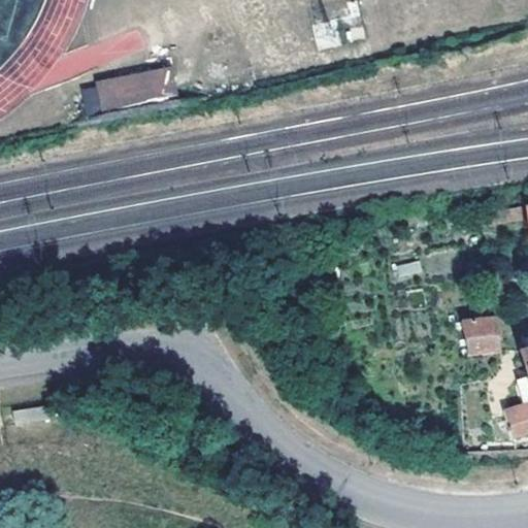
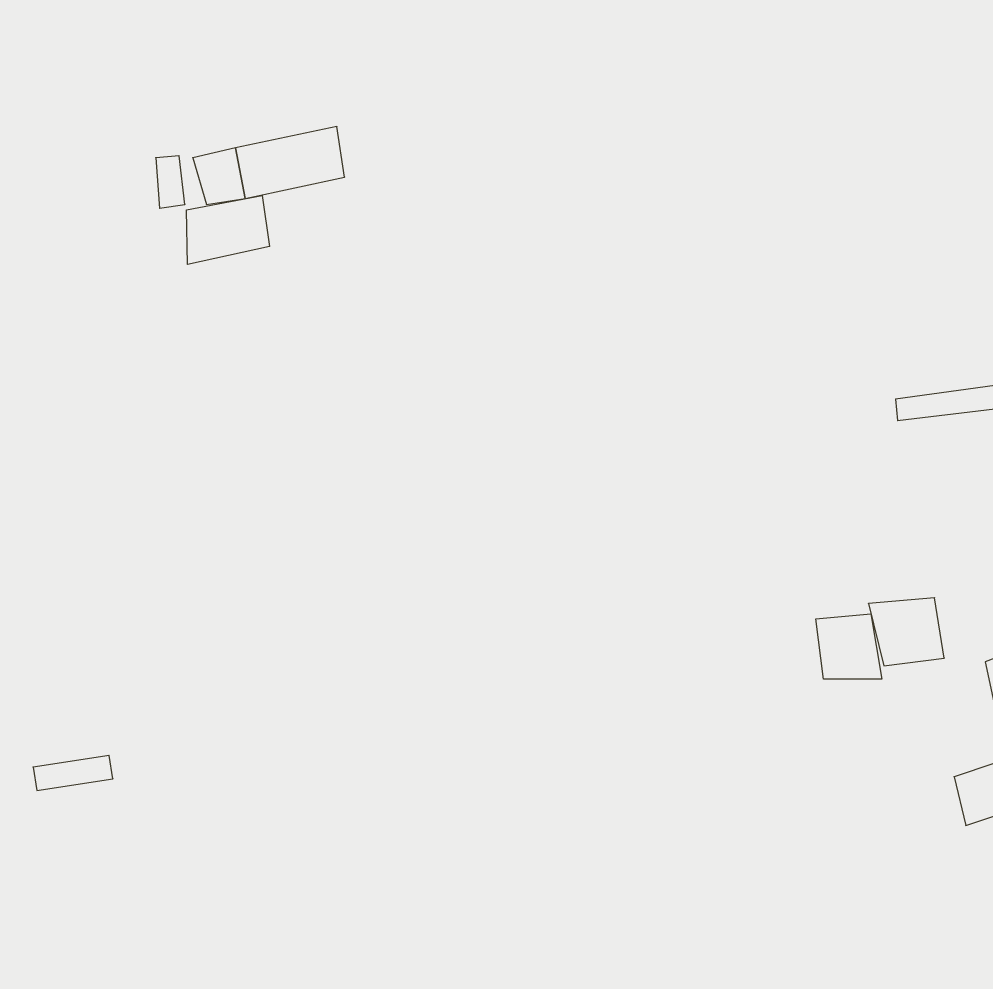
building: none -> [187,195,270,264]
building: none -> [816,614,882,679]

